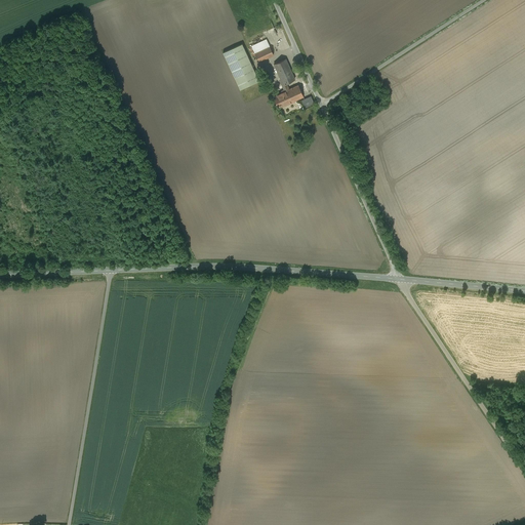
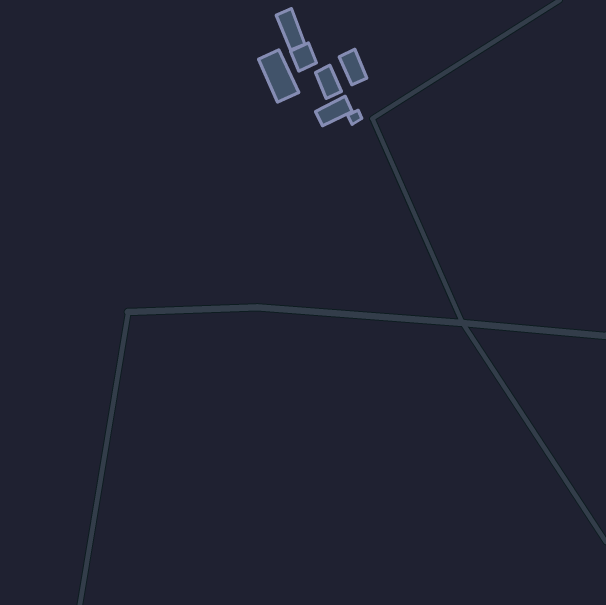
building: none -> [276,9,305,50]
building: none -> [339,49,367,85]

